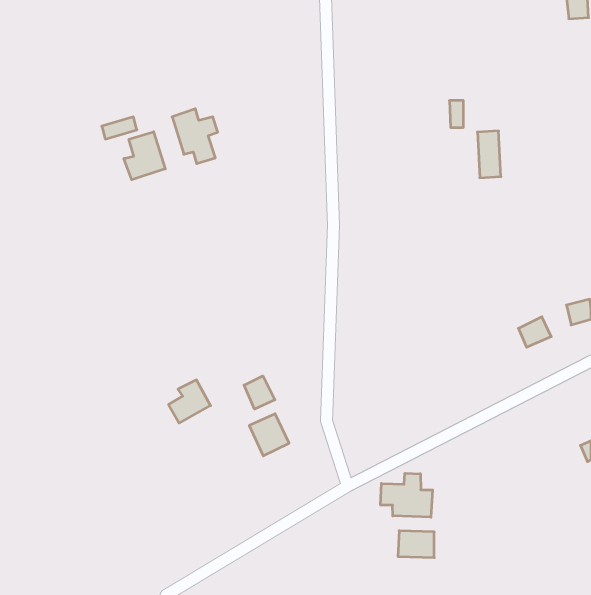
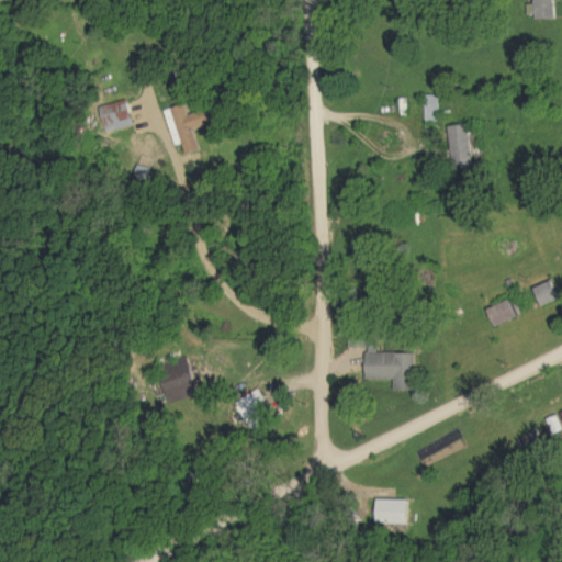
building: [124,132,165,180] -> none
building: none -> [363,351,413,390]
building: [244,376,275,409] -> none
building: [381,473,433,517] -> none

